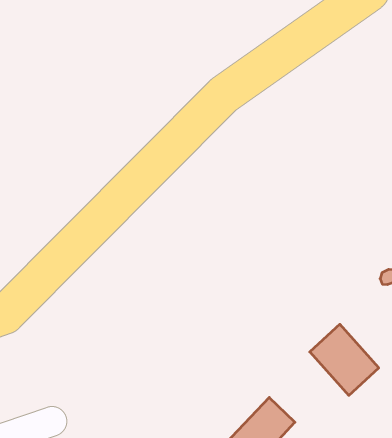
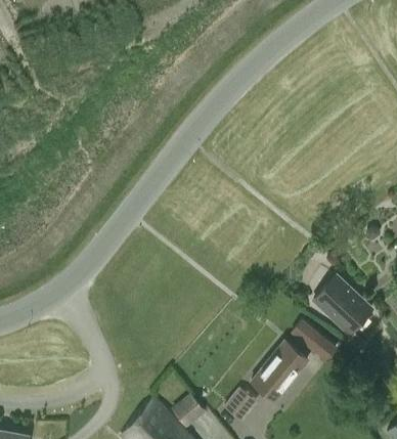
building: none -> [291,321,326,355]

